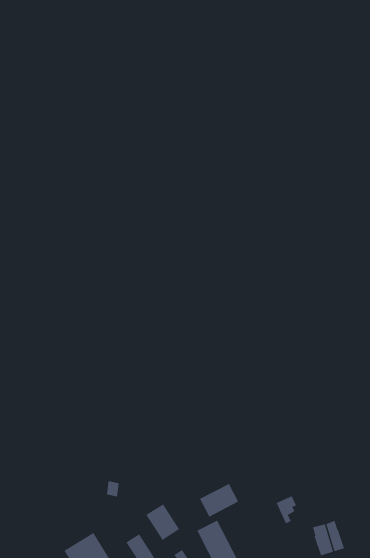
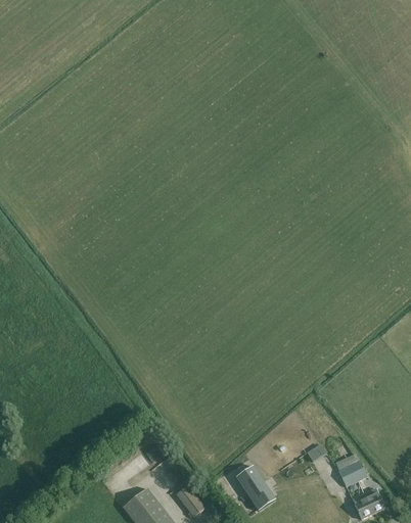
building: [199,483,239,517] -> none
building: [146,503,180,541] -> none

